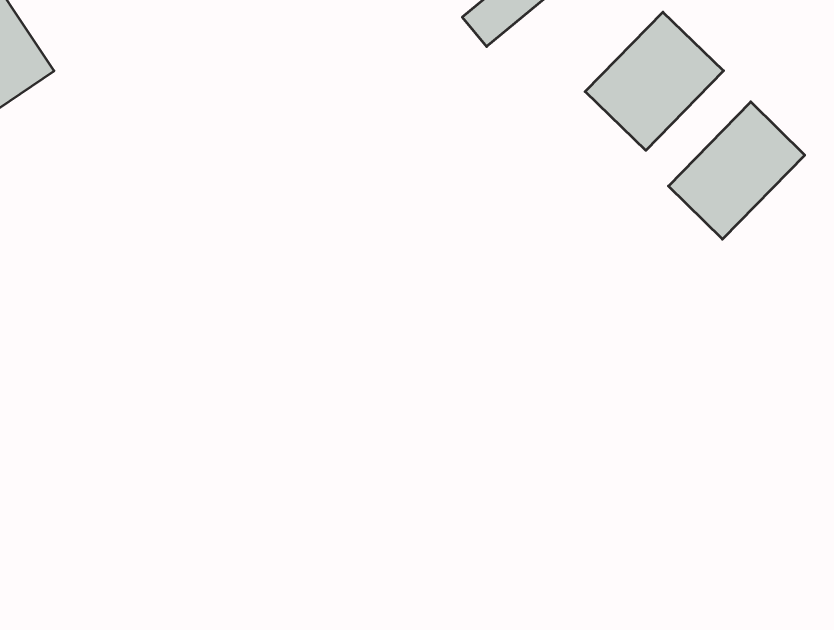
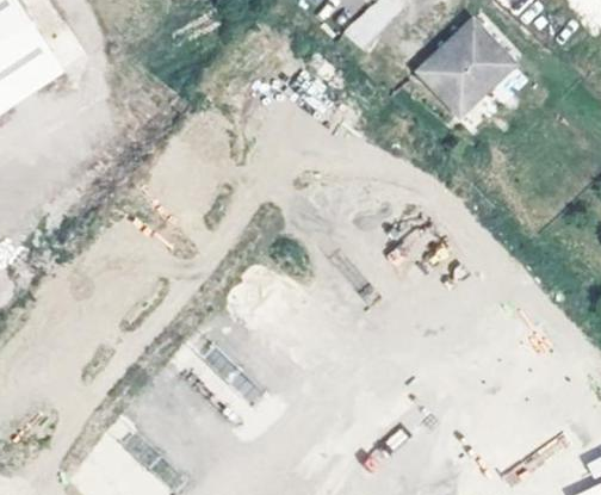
building: [668,102,805,239] -> none

